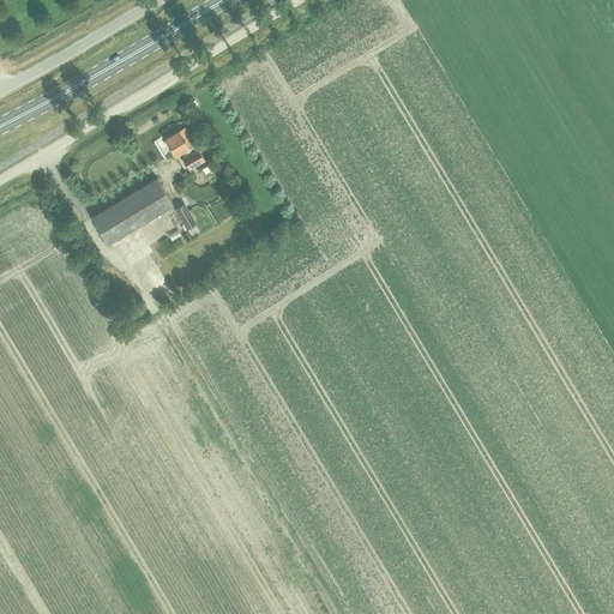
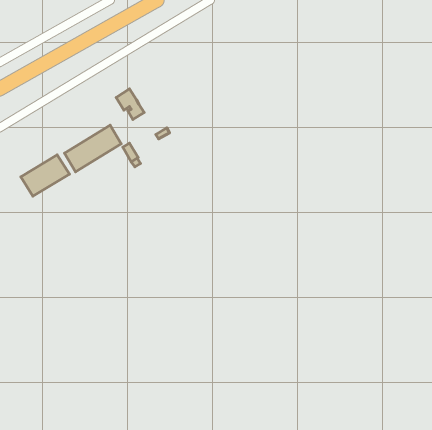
building: none -> [21,155,69,196]

